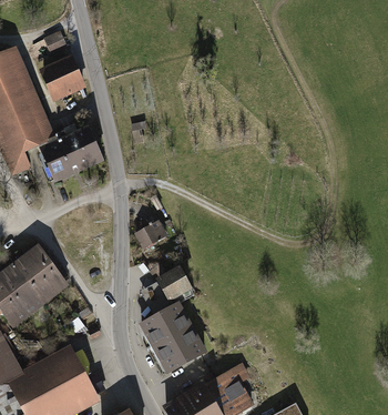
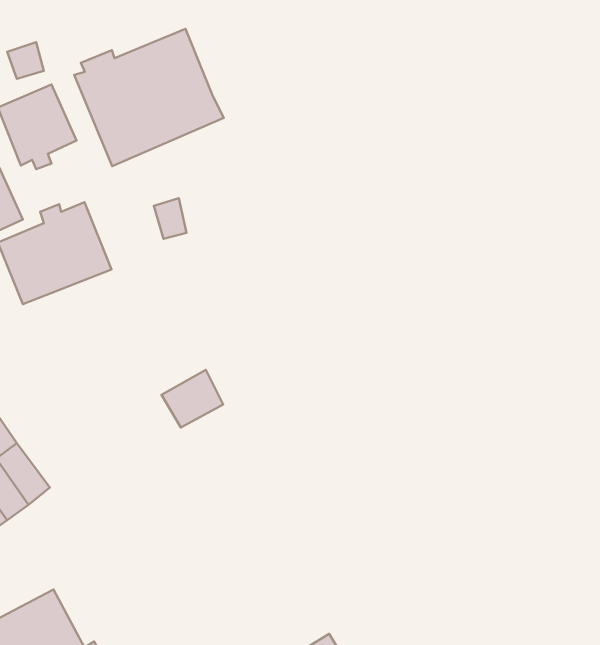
building: none -> [74,29,224,166]
building: [141,270,205,372] -> none

